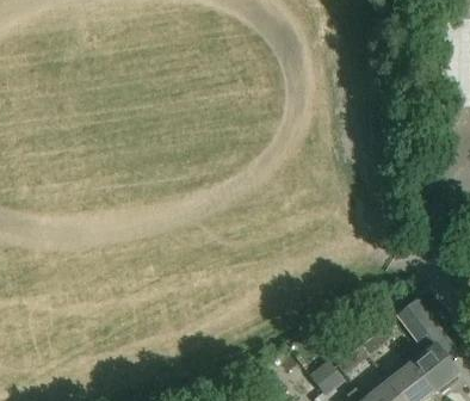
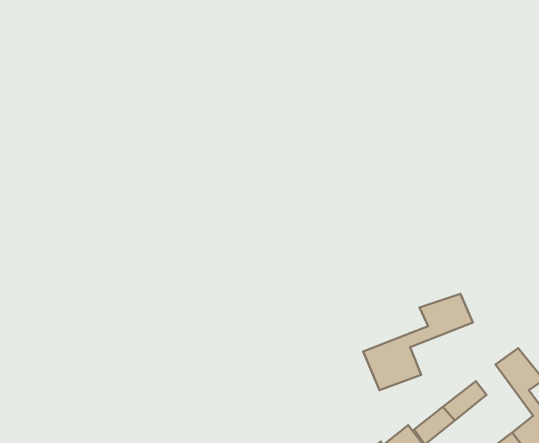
building: none -> [363,294,473,390]

